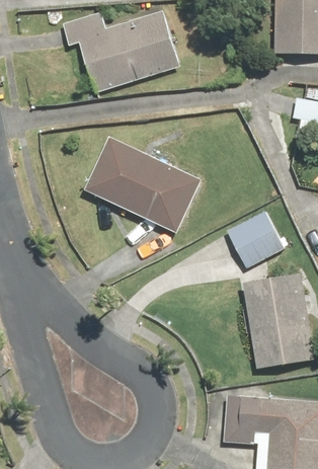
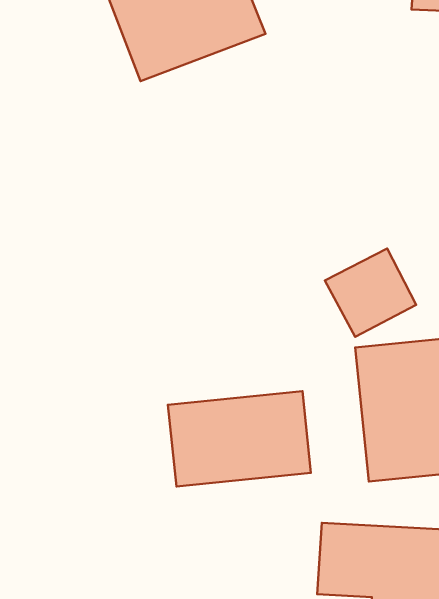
building: [79,134,206,240] -> none
building: none -> [168,391,311,487]

